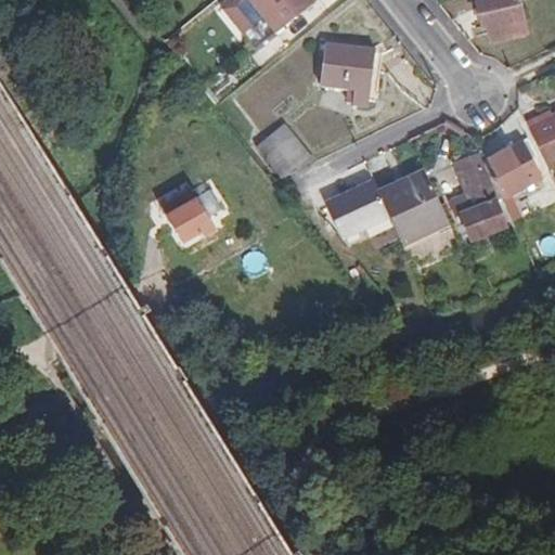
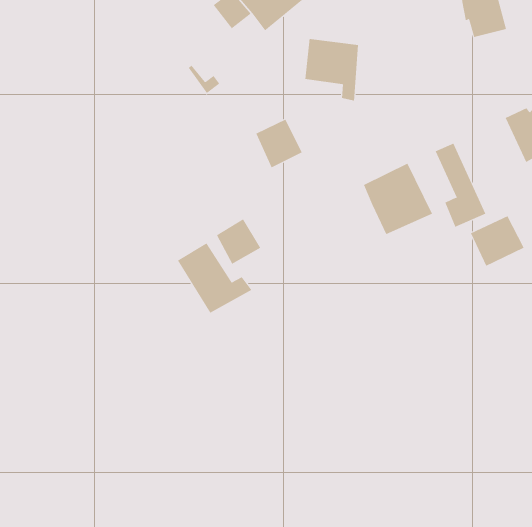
building: [485,144,541,197] -> [470,215,524,267]
building: [324,179,387,235] -> none
building: [167,201,214,248] -> [216,218,261,264]
building: none -> [177,242,252,313]

